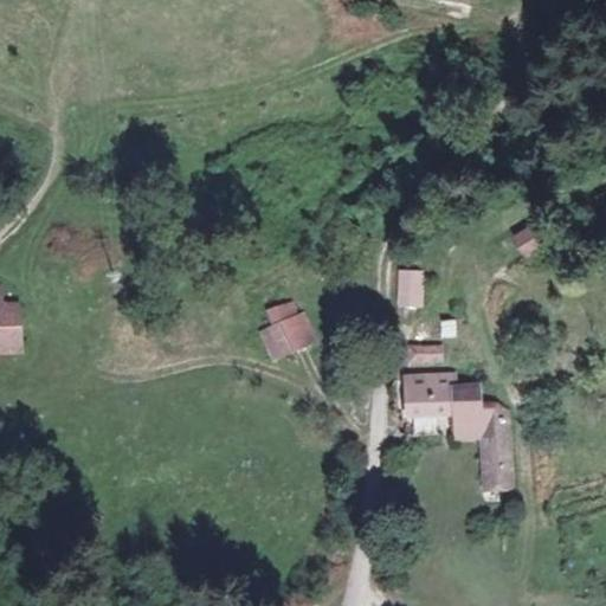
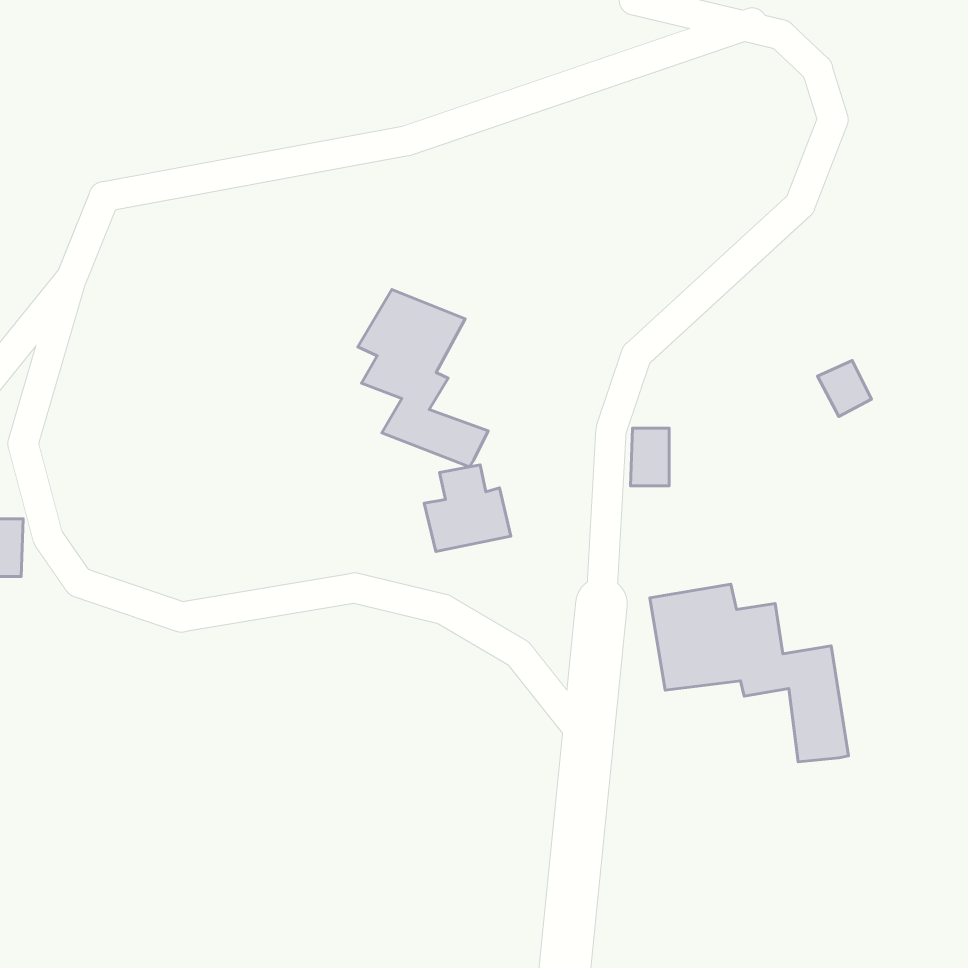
building: none -> [358,290,488,467]

